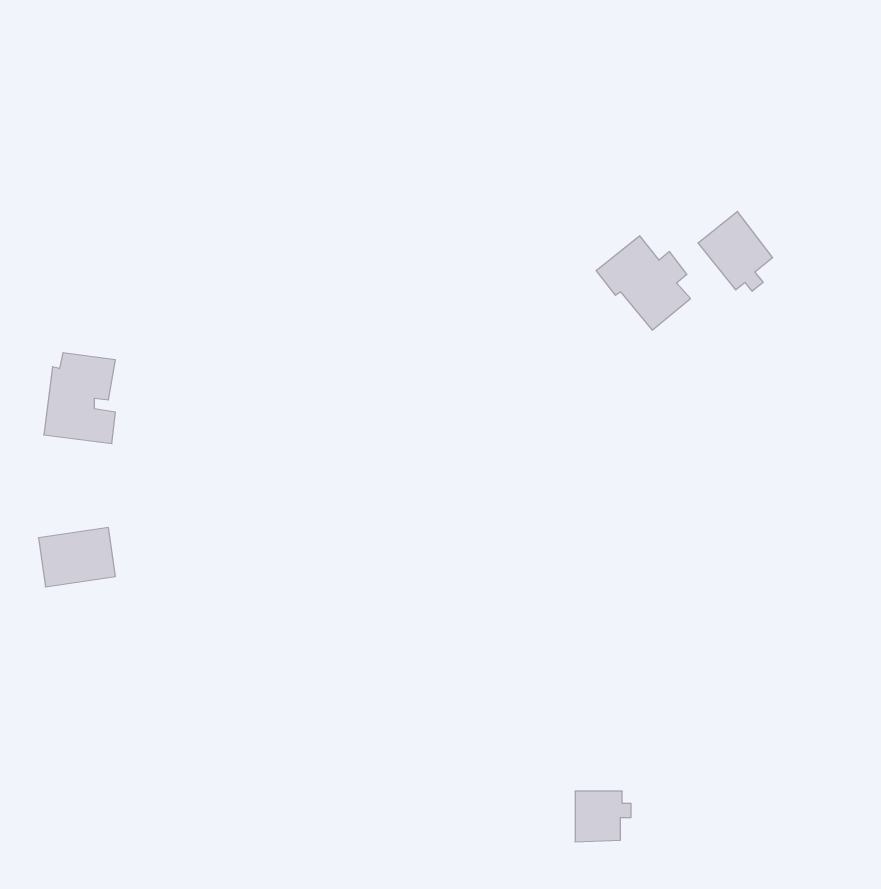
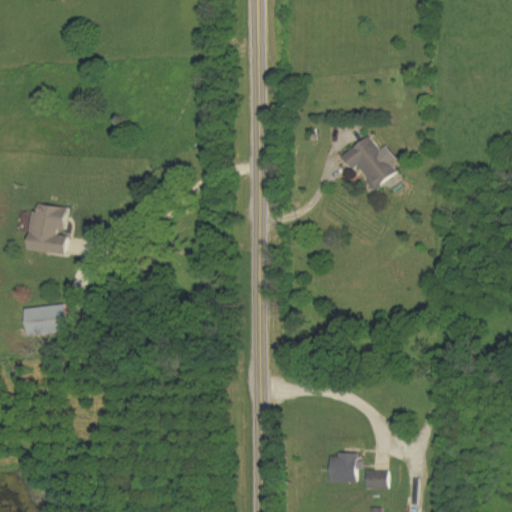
building: [698,211,772,291] -> none
building: none -> [364,470,386,488]

